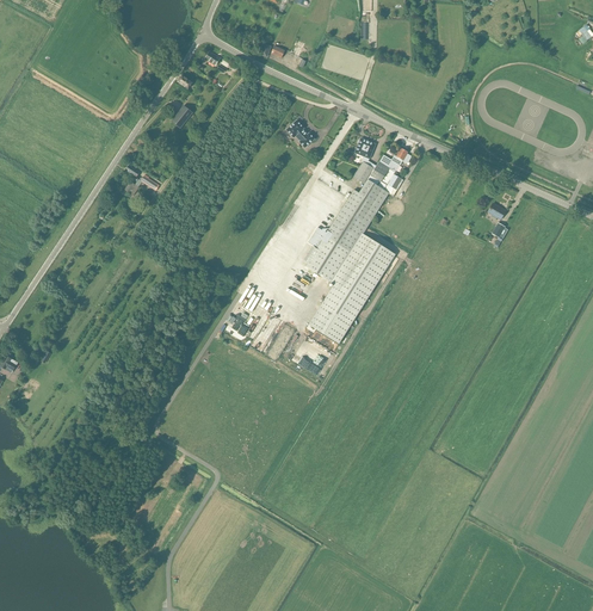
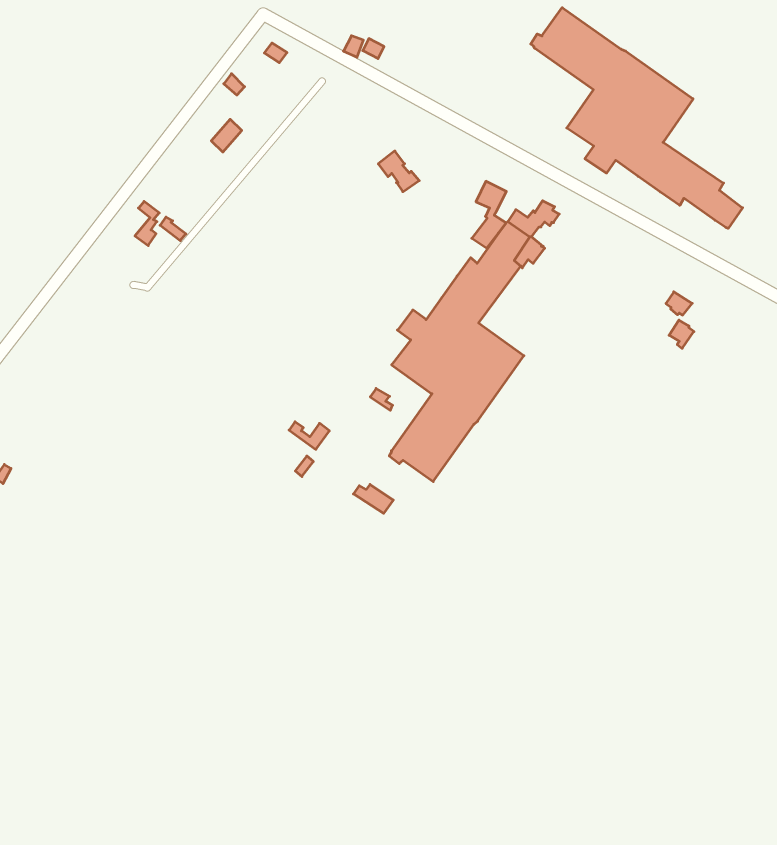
building: none -> [531,8,743,228]

